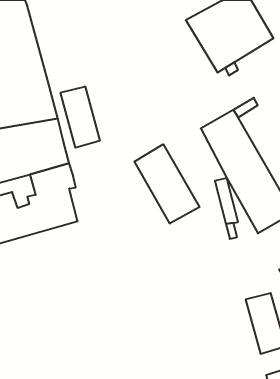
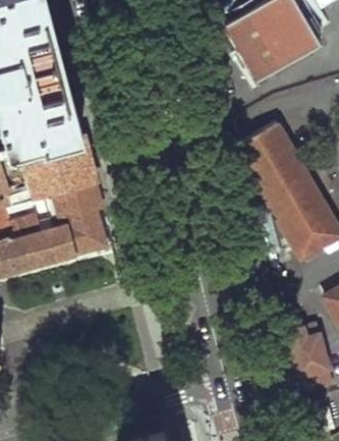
building: [61,86,100,148] -> none
building: [134,144,200,224] -> none

